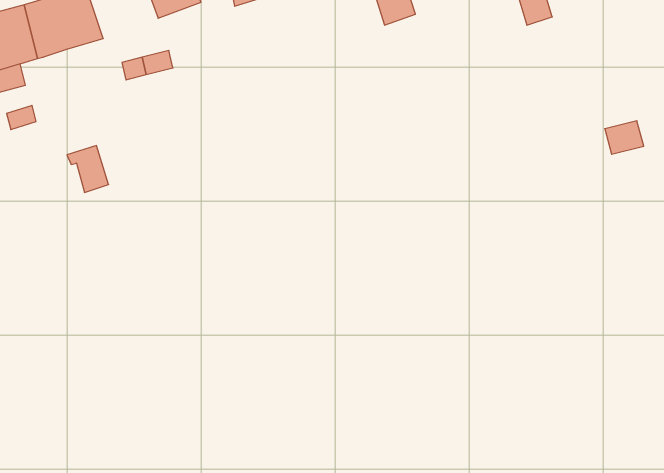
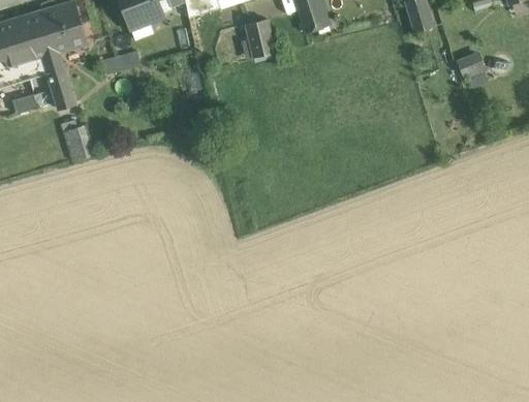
building: none -> [246,20,274,57]
building: none -> [40,51,74,109]
building: [605,121,644,154] -> [456,51,486,76]

